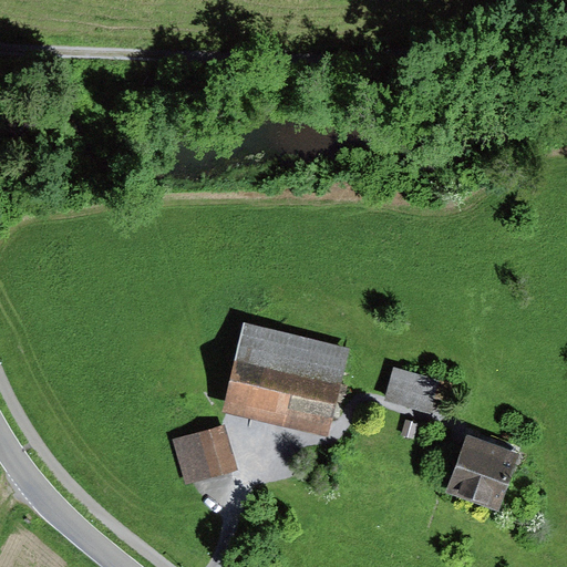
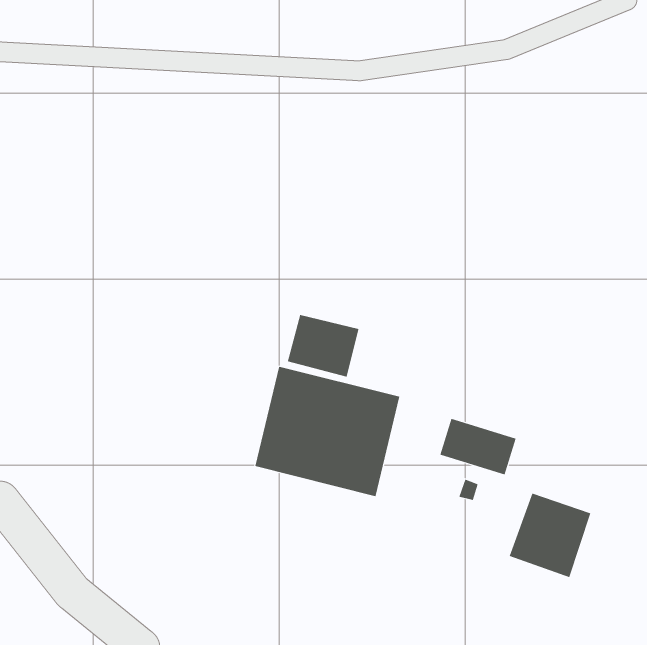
building: none -> [287,314,359,378]
building: [174,425,239,486] -> none

